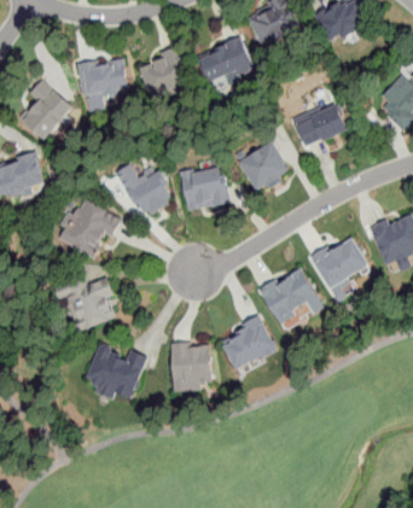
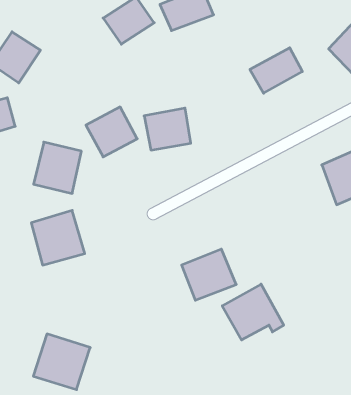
building: [80,60,127,100] -> none
building: [238,141,290,191] -> none
building: [309,233,370,290] -> none
building: [258,263,324,322] -> [222,284,284,340]
building: [170,340,213,390] -> none
building: [83,344,144,403] -> [33,334,90,390]

